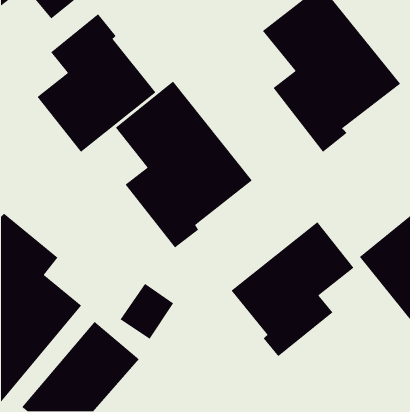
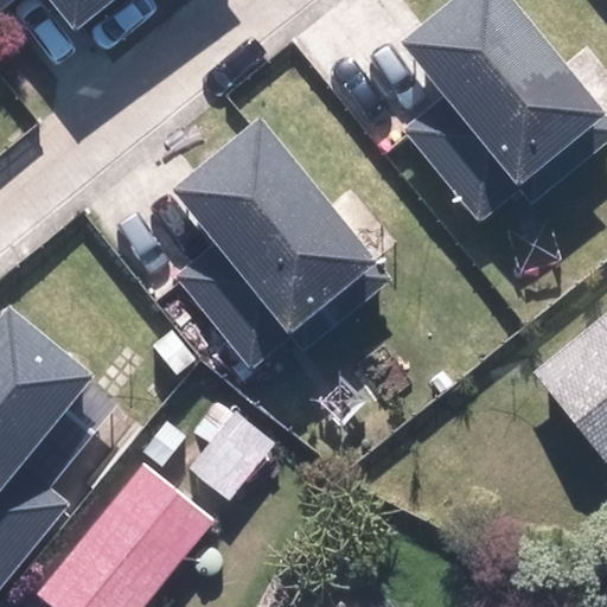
building: [37,13,157,153] -> none
building: [230,221,354,357] -> none

